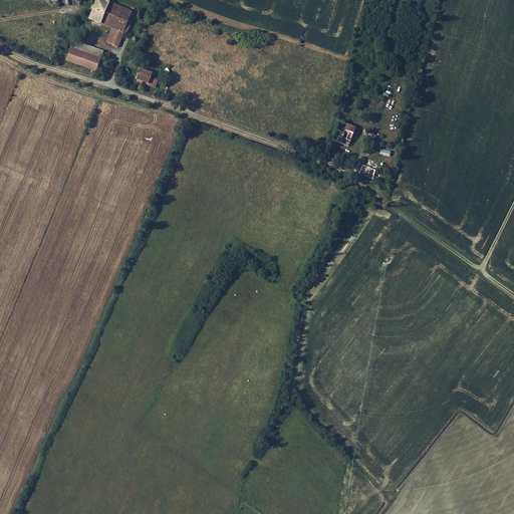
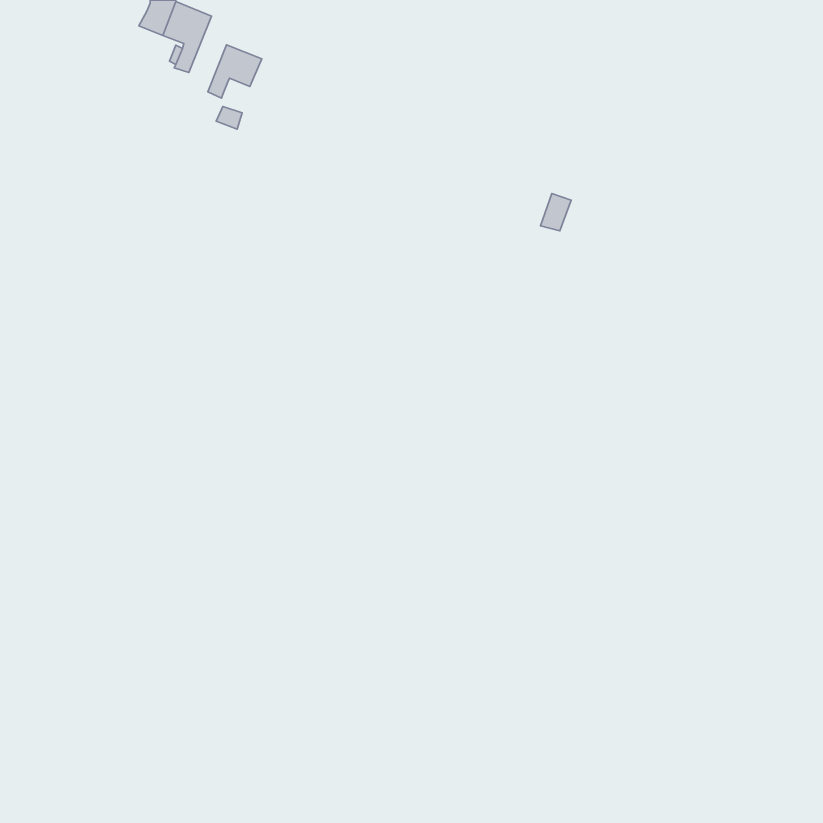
building: none -> [208,45,262,98]
building: [66,40,101,69] -> none

